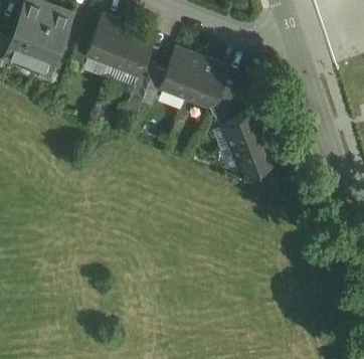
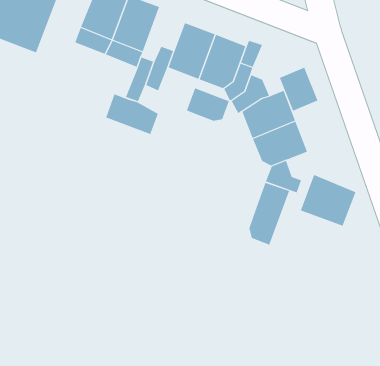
building: none -> [279,67,318,112]
building: none -> [186,87,230,122]
building: none -> [106,93,158,135]
building: none -> [300,174,356,227]
building: none -> [249,182,290,246]

